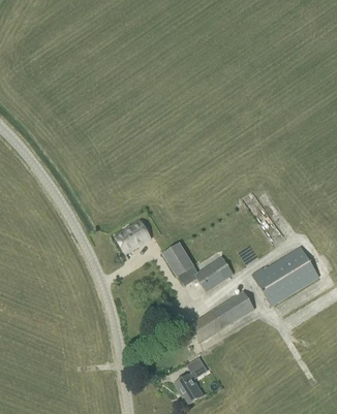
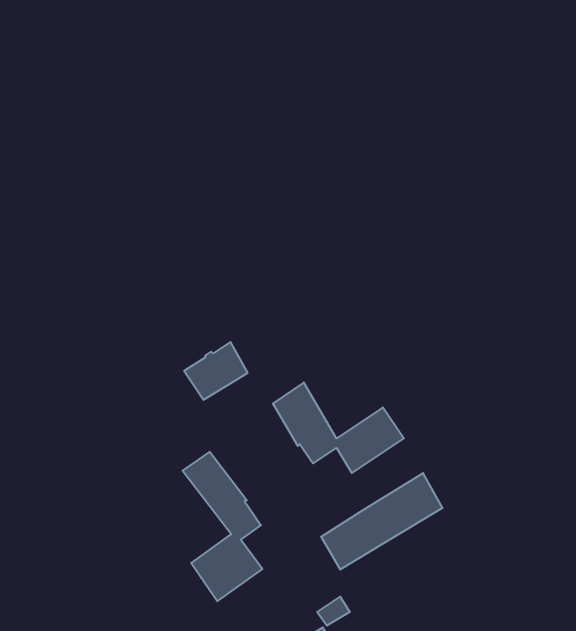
building: [252,247,318,306] -> none
building: none -> [183,452,262,601]

